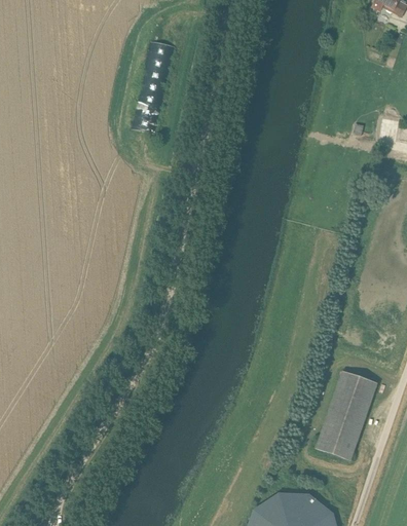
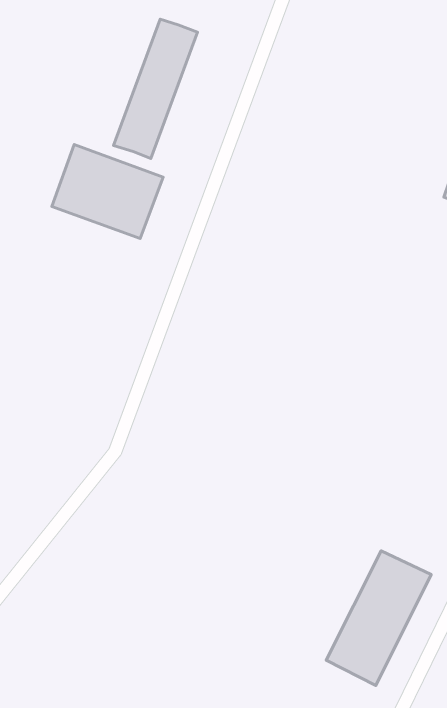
building: none -> [52,144,163,238]

